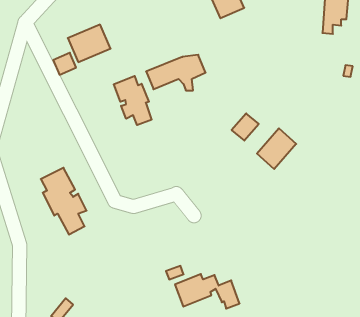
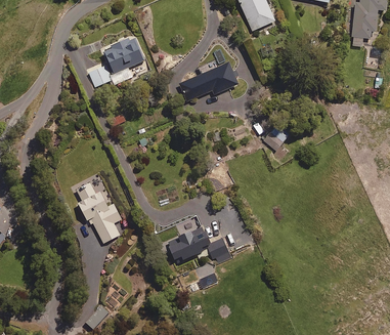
building: [114,76,152,125] -> none
building: [257,128,296,169] -> none
building: [175,274,240,309] -> [167,231,230,264]

